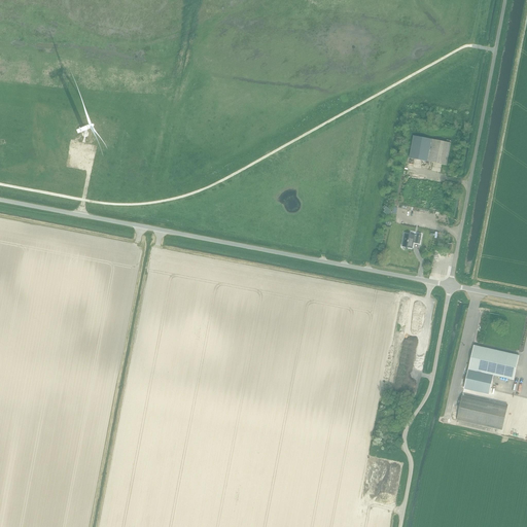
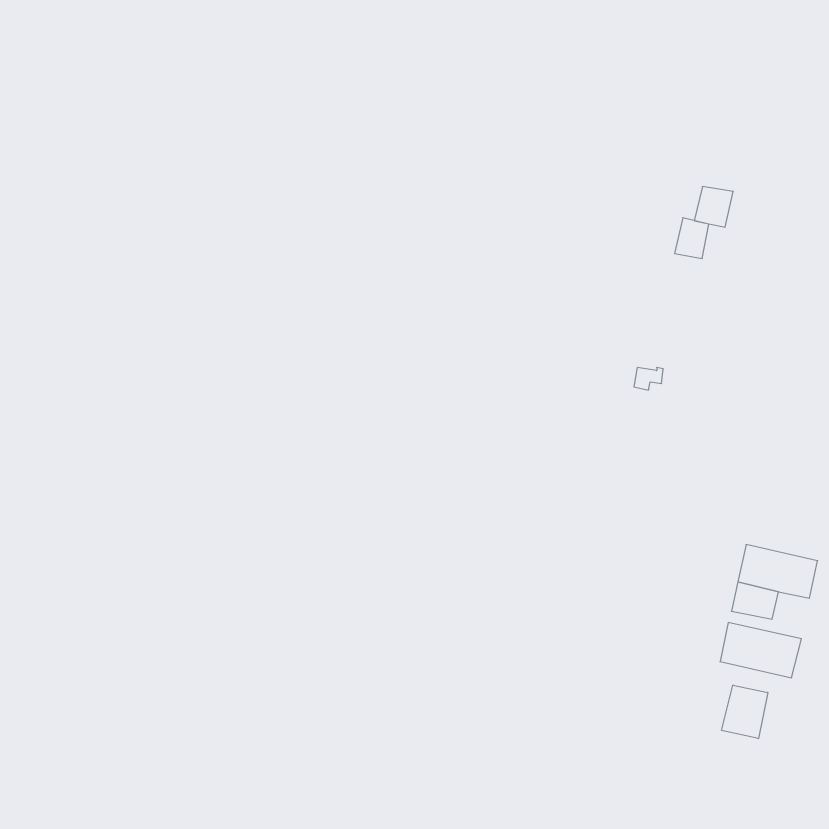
building: [408,135,432,161] -> [694,187,733,227]
building: none -> [722,685,768,739]

